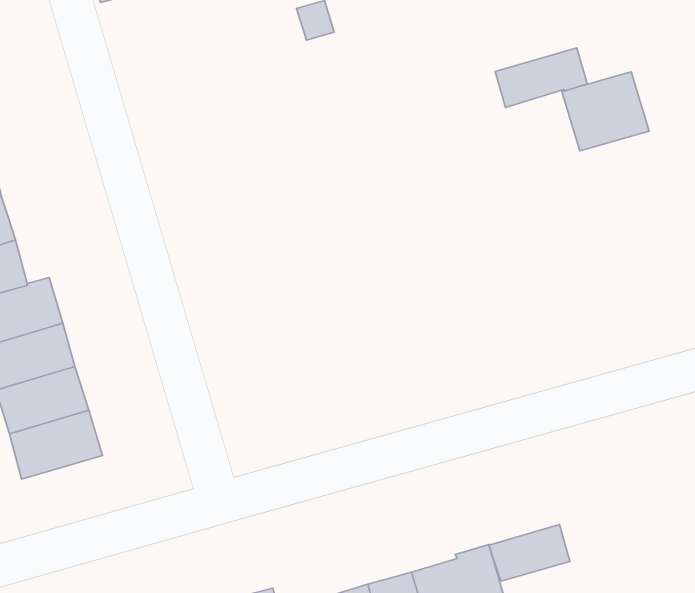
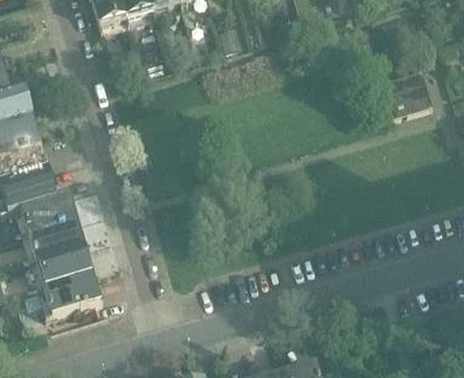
building: [495,48,587,107] -> none
building: [489,525,570,581] -> none

